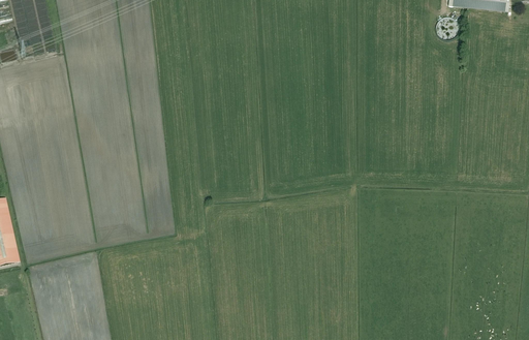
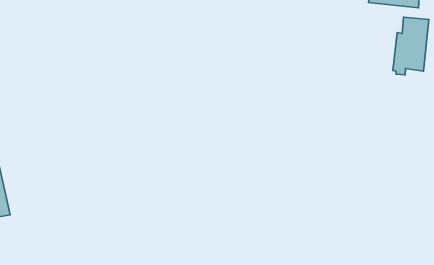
building: none -> [393,17,429,75]

